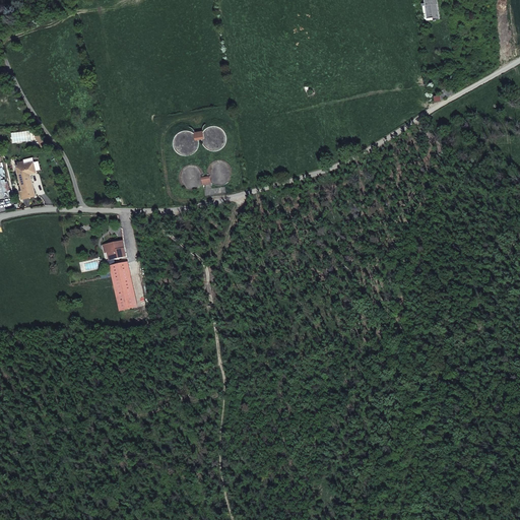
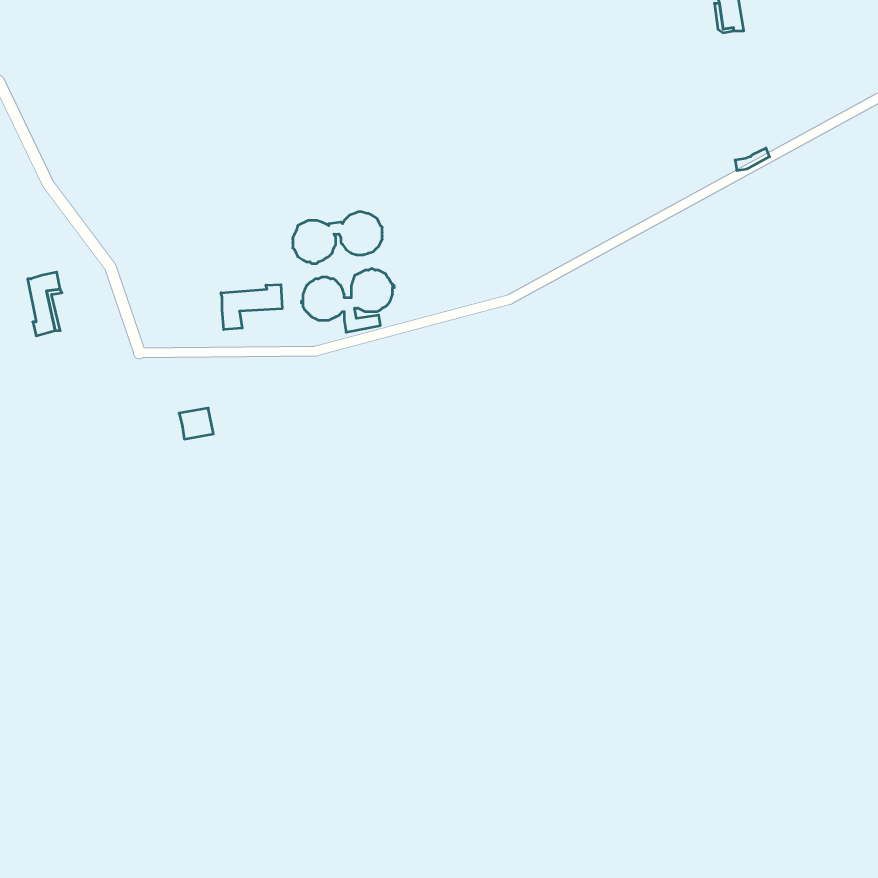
building: none -> [221,285,282,330]
building: [111,262,137,310] -> none

